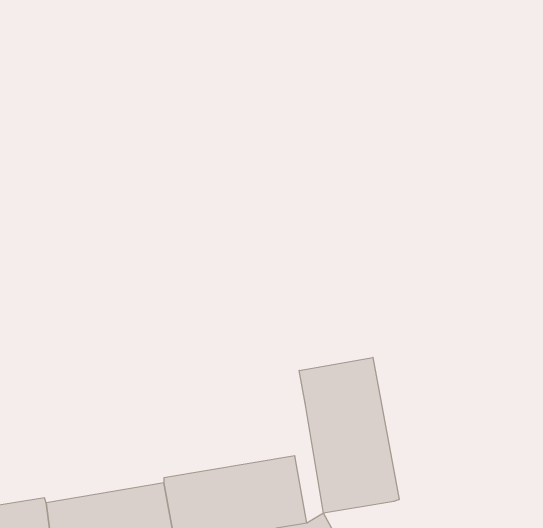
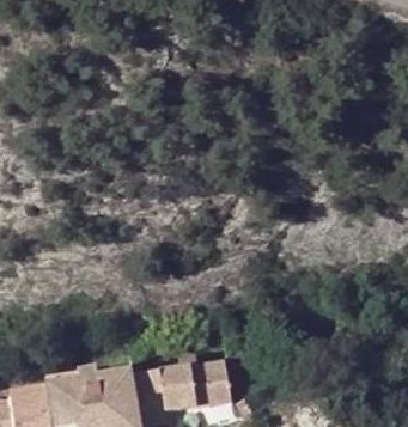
building: [299,357,399,513] -> none

